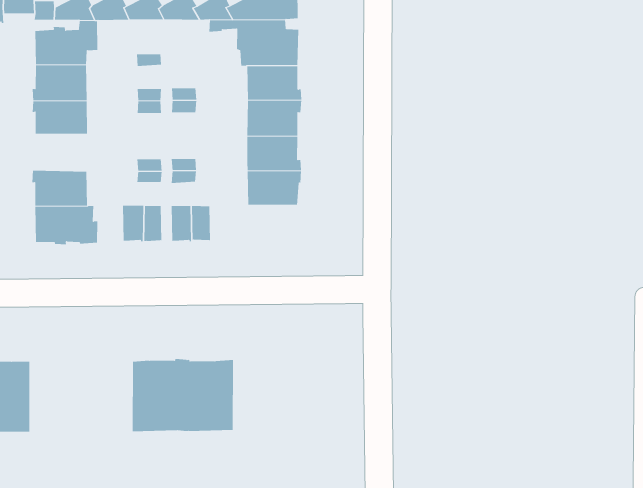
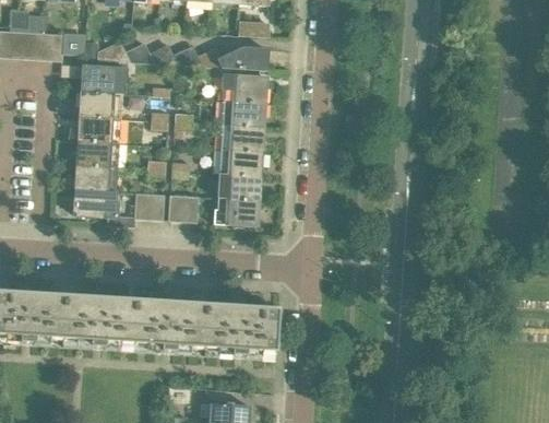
building: none -> [74,137,115,165]
building: none -> [213,196,258,224]
building: none -> [203,303,277,357]
building: none -> [61,295,135,349]

